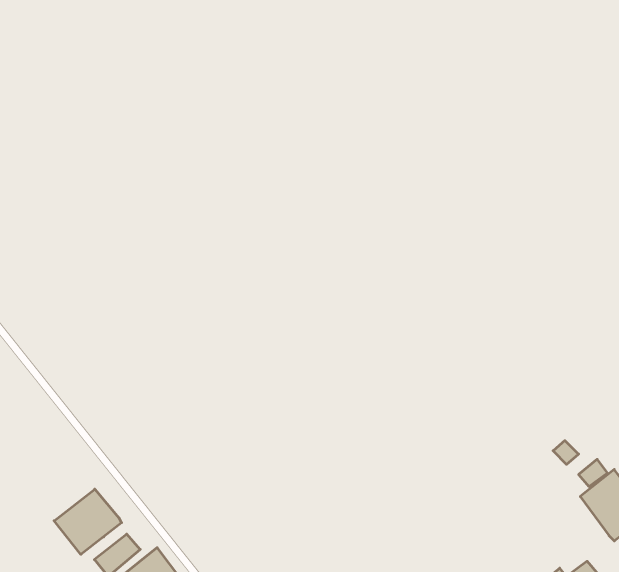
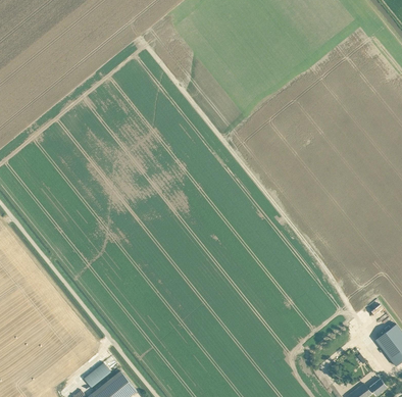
building: [54,489,122,554] -> none

